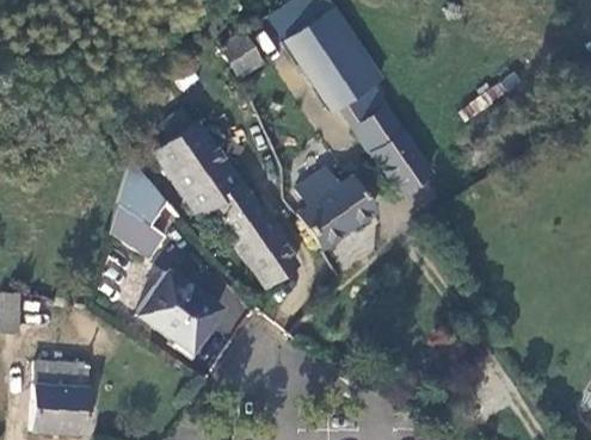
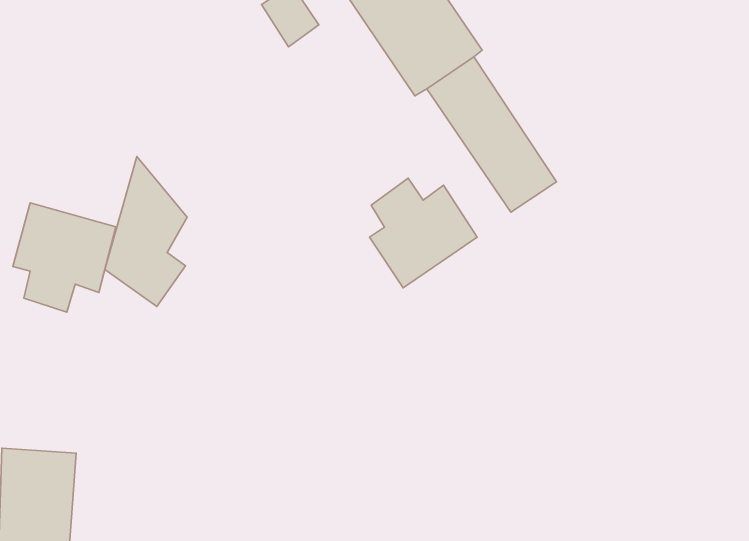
building: [155,122,297,286] -> none
building: none -> [13,203,116,312]
building: [138,269,222,351] -> none

